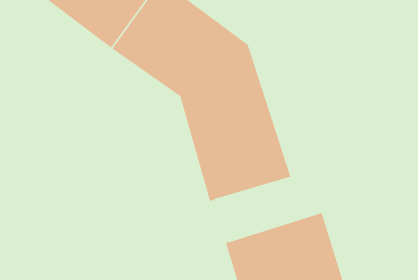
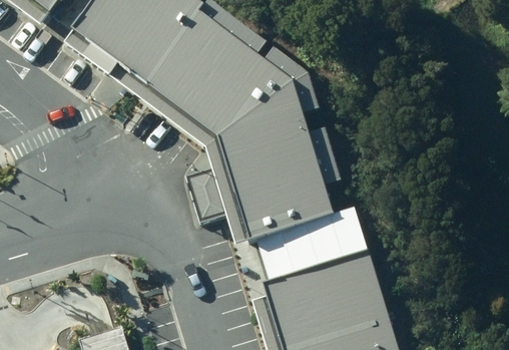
building: none -> [257,208,369,282]

